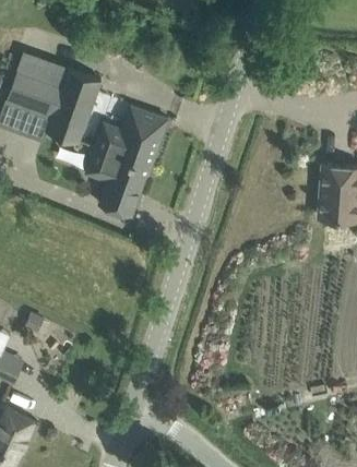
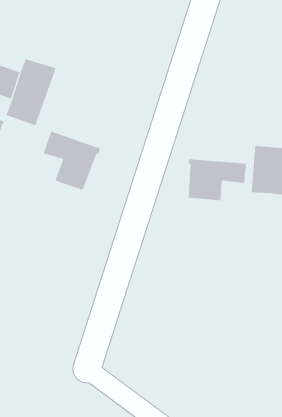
building: [95,105,168,166] -> none
building: none -> [188,158,246,201]

